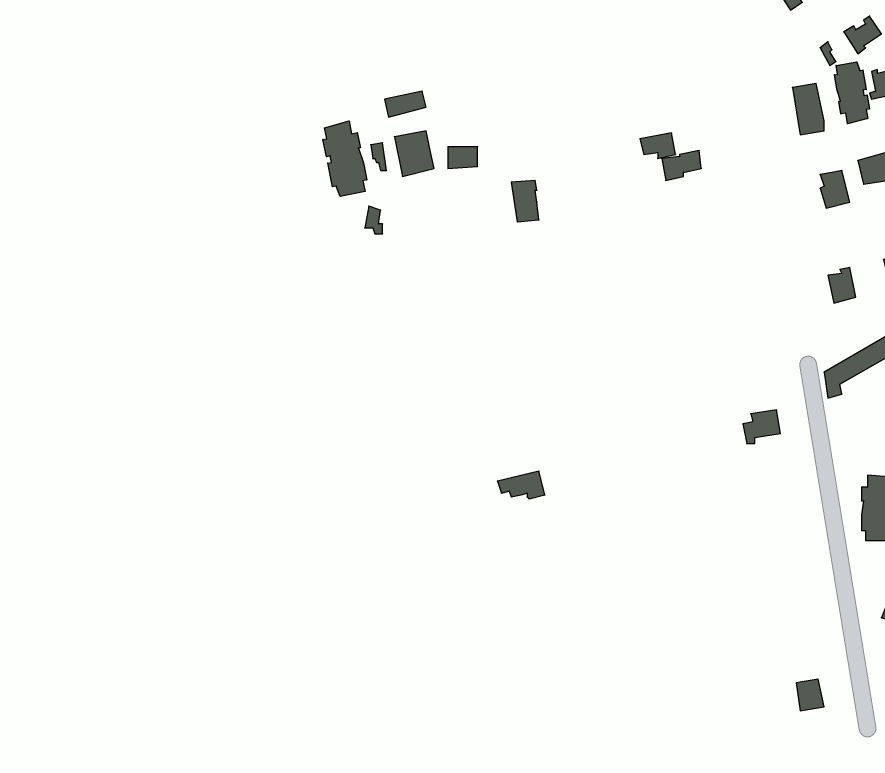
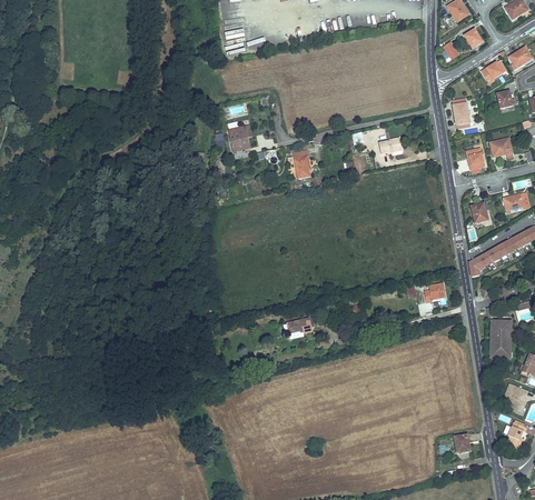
building: [834,62,869,124] -> none
building: [323,121,367,196] -> none

